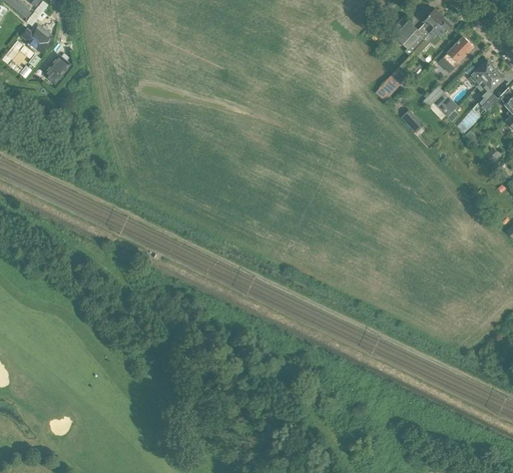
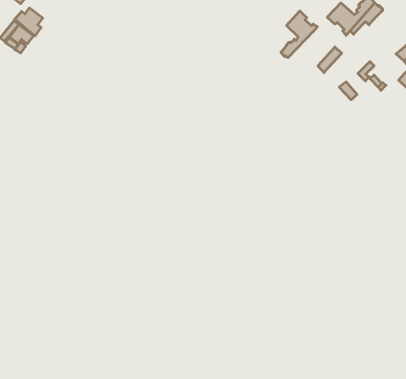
building: none -> [281,11,317,58]
building: [439,36,474,70] -> none
building: [42,54,69,81] -> none

